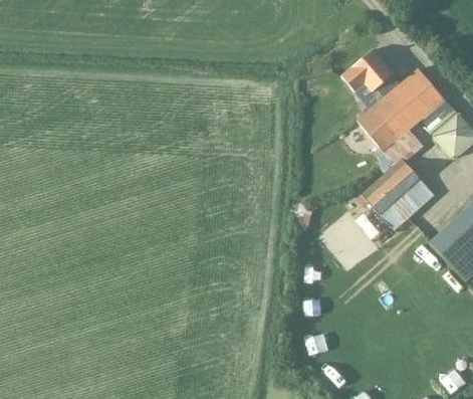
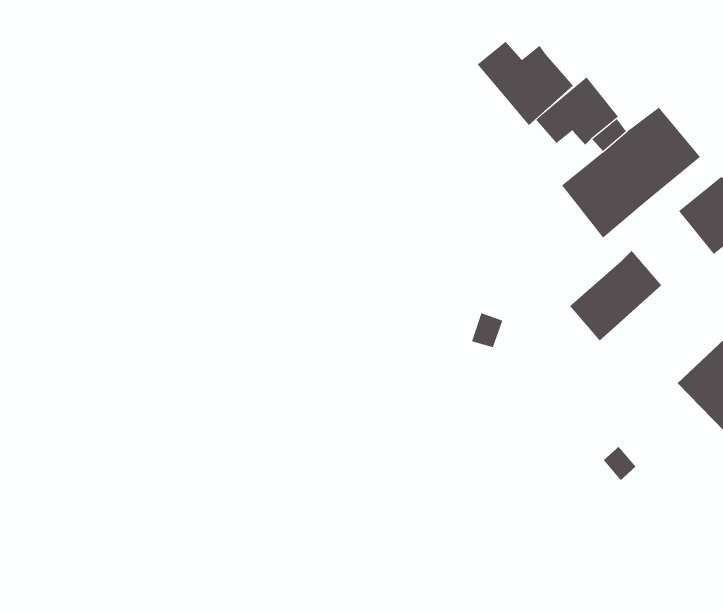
building: none -> [477,41,574,126]
building: [384,130,421,166] -> none
building: [382,181,432,229] -> none

